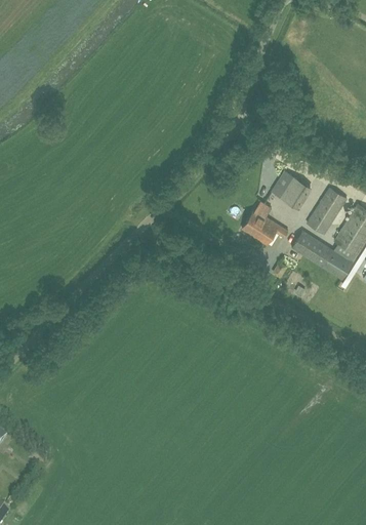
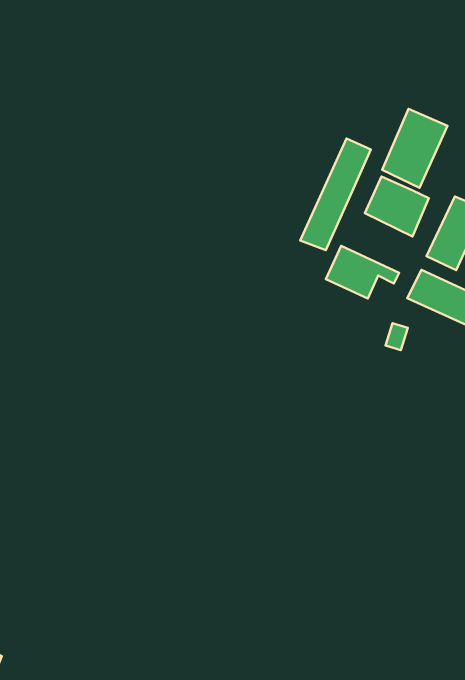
building: none -> [382,109,447,188]
building: none -> [300,138,371,250]

